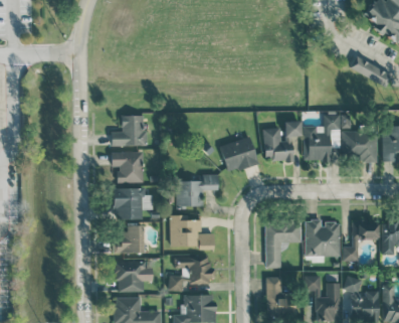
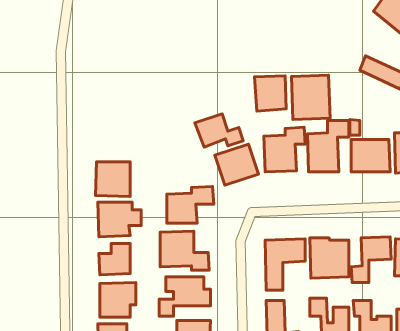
building: none -> [291,75,330,119]
building: none -> [255,76,286,111]
building: none -> [195,114,243,147]
building: [111,115,145,146] -> none

